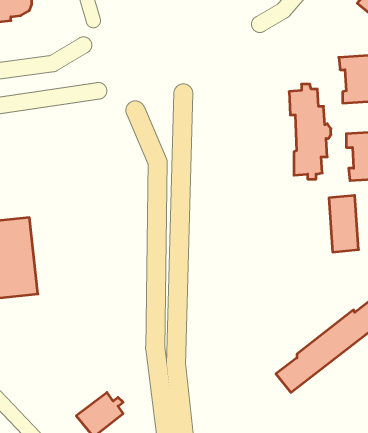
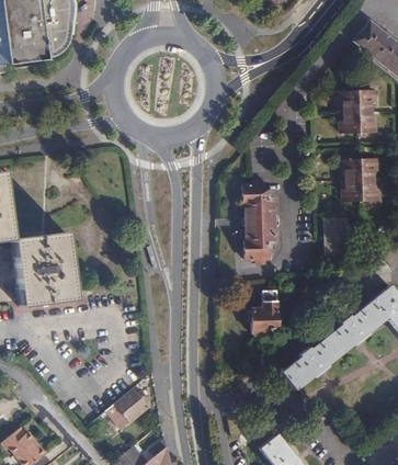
building: [289,84,331,179] -> [242,178,280,262]
building: none -> [247,290,277,336]

